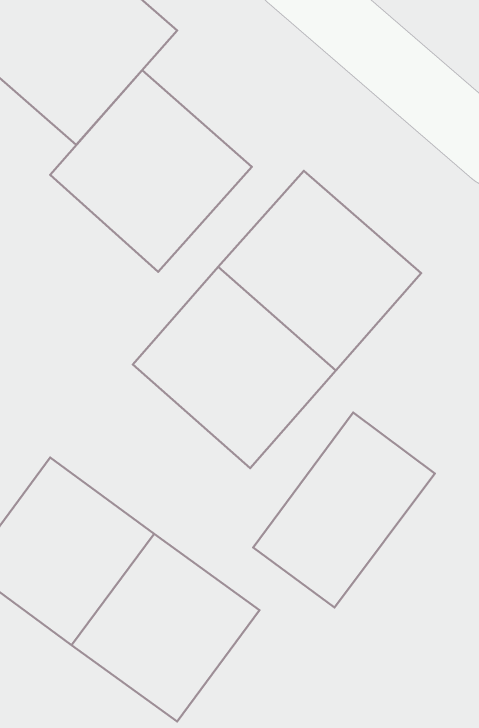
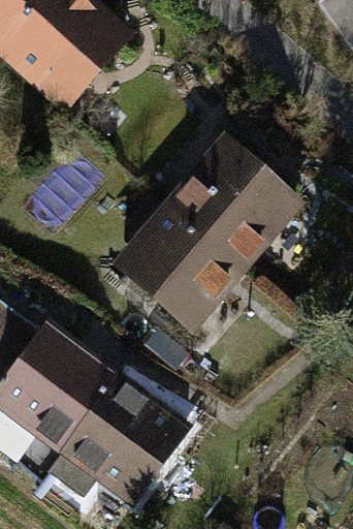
building: [50,70,252,272] -> none
building: [253,412,435,607] -> none

